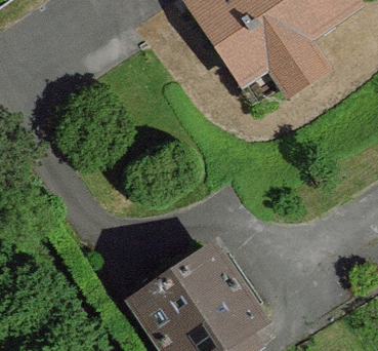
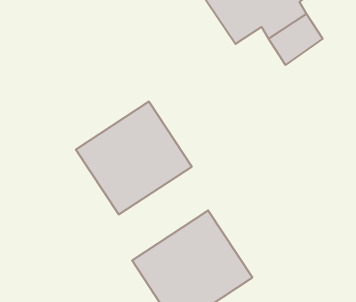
building: none -> [76,101,192,215]

